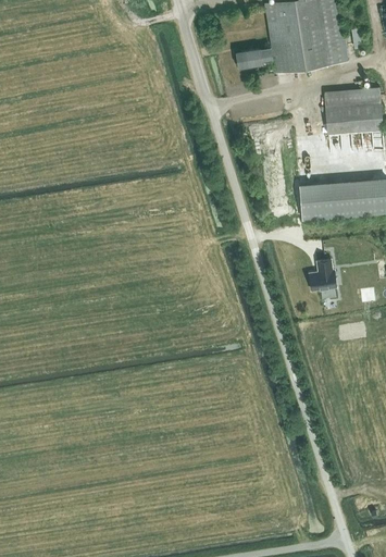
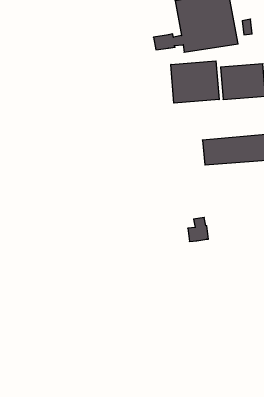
building: none -> [171,61,219,103]
building: [309,260,336,292] -> [188,217,208,241]

